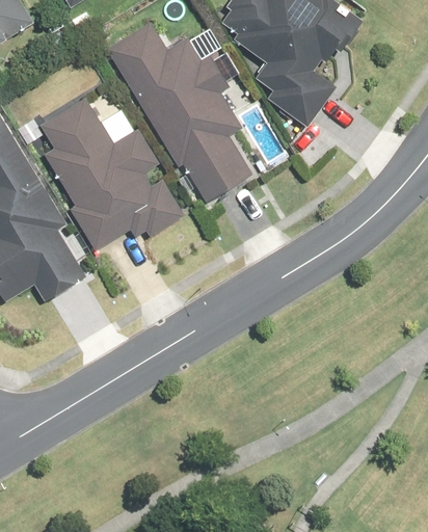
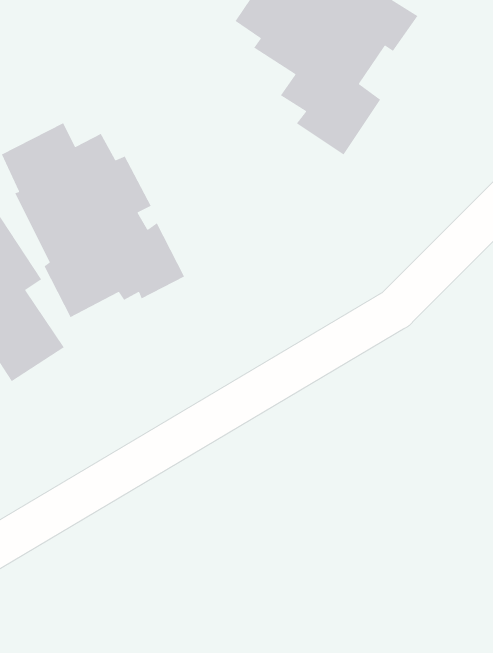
building: [105,21,247,204] -> none

